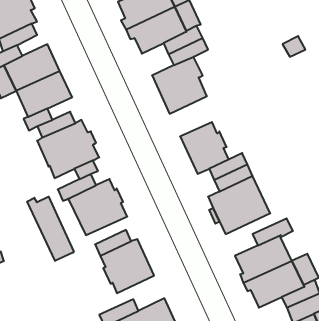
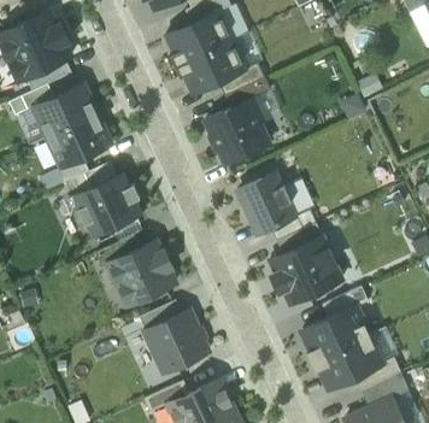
building: [27,197,74,261] -> none

